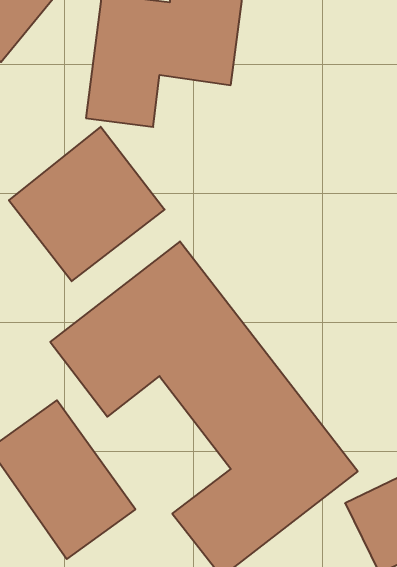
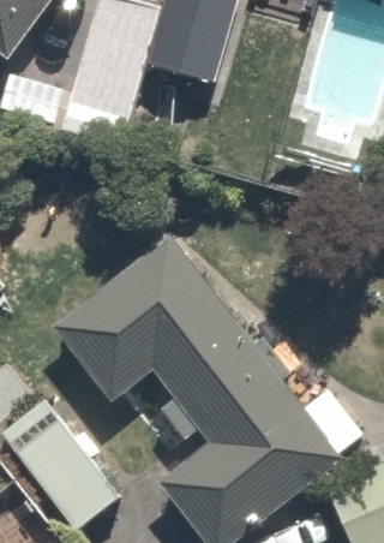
building: [9,127,165,281] -> none

